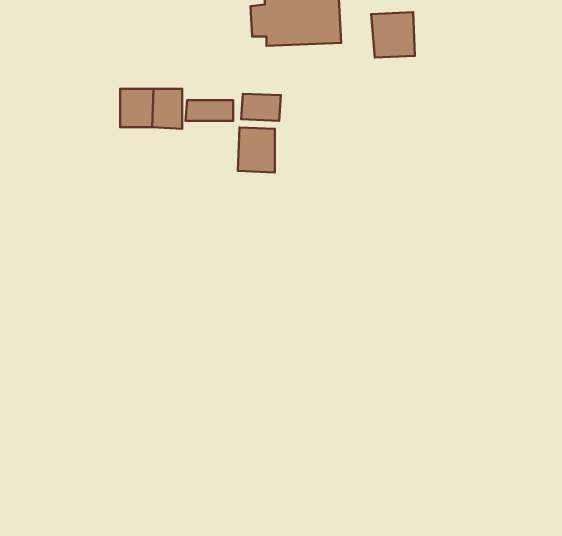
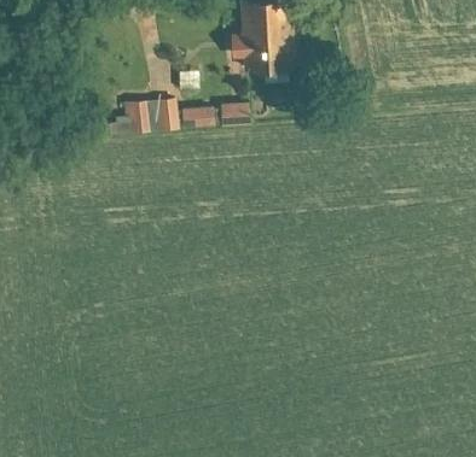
building: [371,12,415,57] -> none
building: [238,127,275,173] -> none

